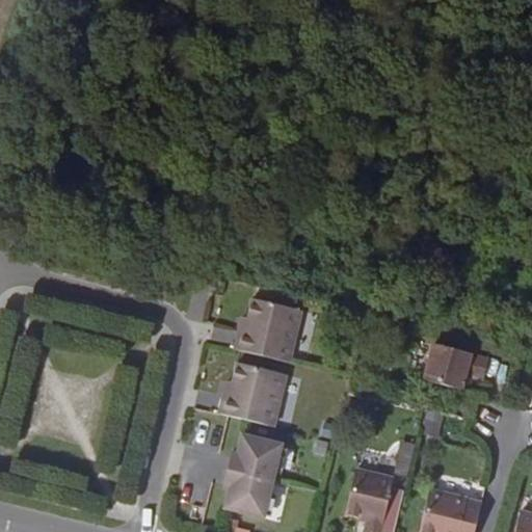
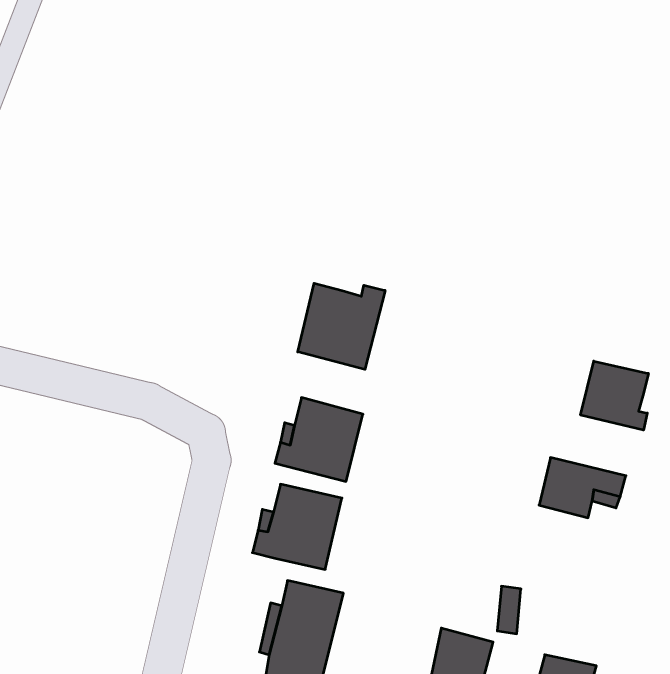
building: none -> [298,283,385,369]
building: none -> [581,361,648,430]

